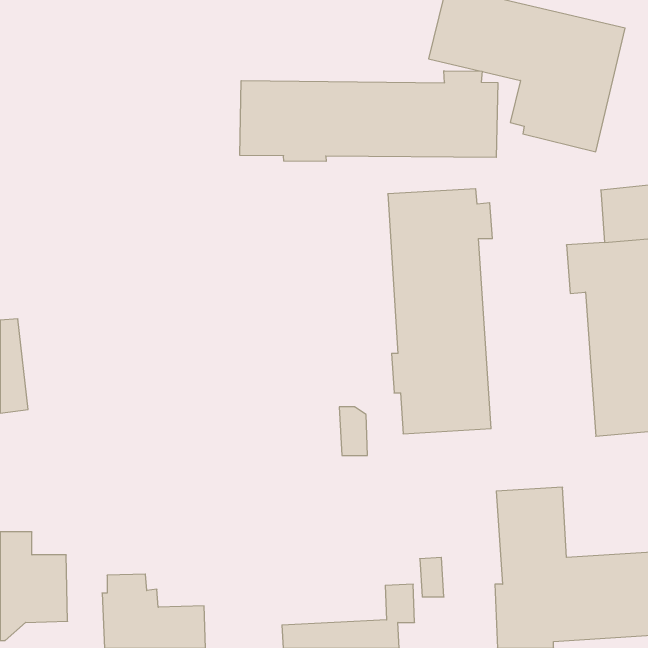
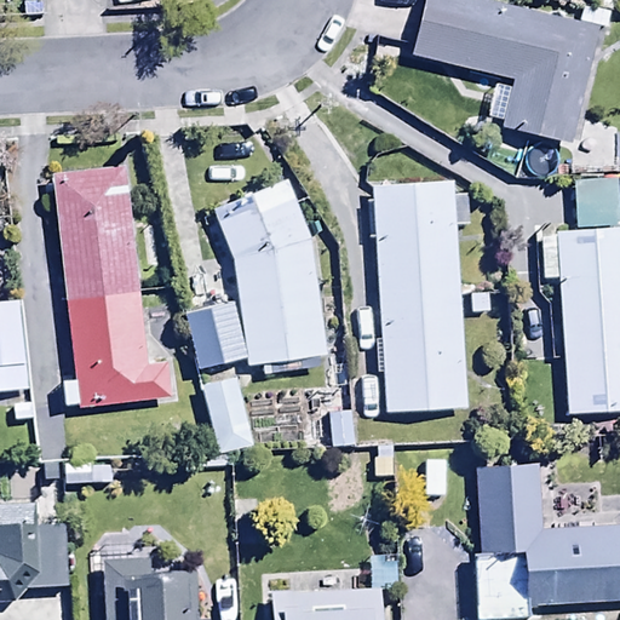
building: [240,71,498,161] -> none
building: none -> [51,162,172,411]
building: none -> [186,178,327,469]

